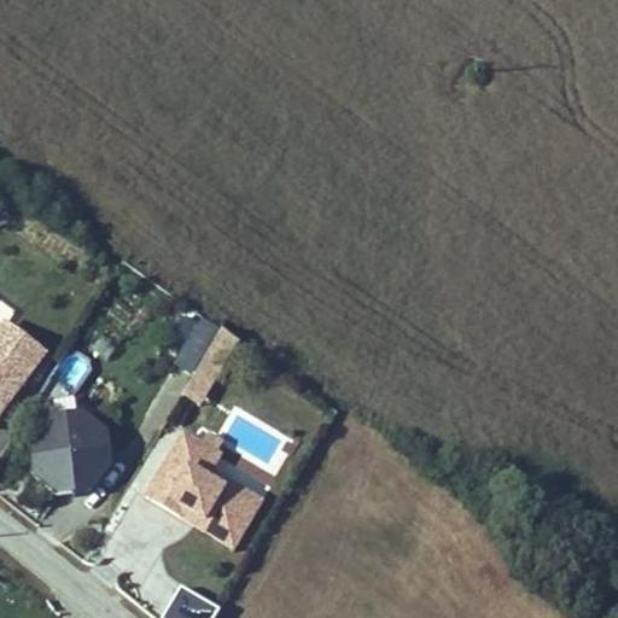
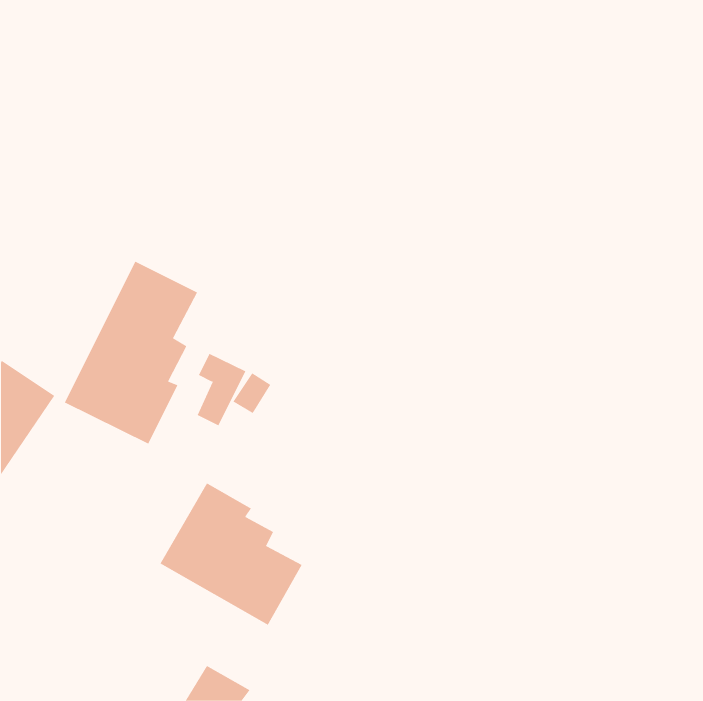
building: none -> [64,261,198,445]
building: [31,397,112,496] -> none

